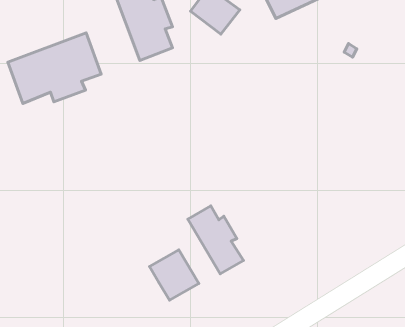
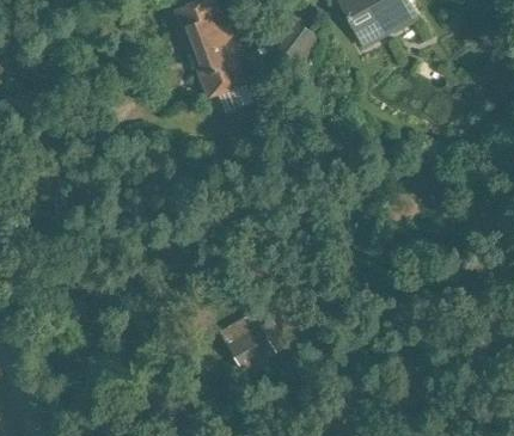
building: [8,33,101,104] -> none
building: [188,206,243,274] -> none

